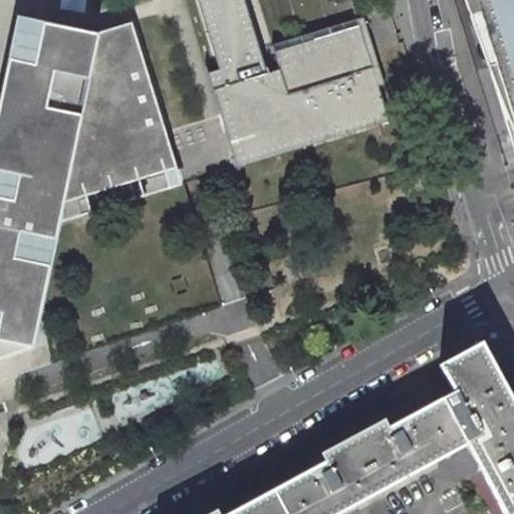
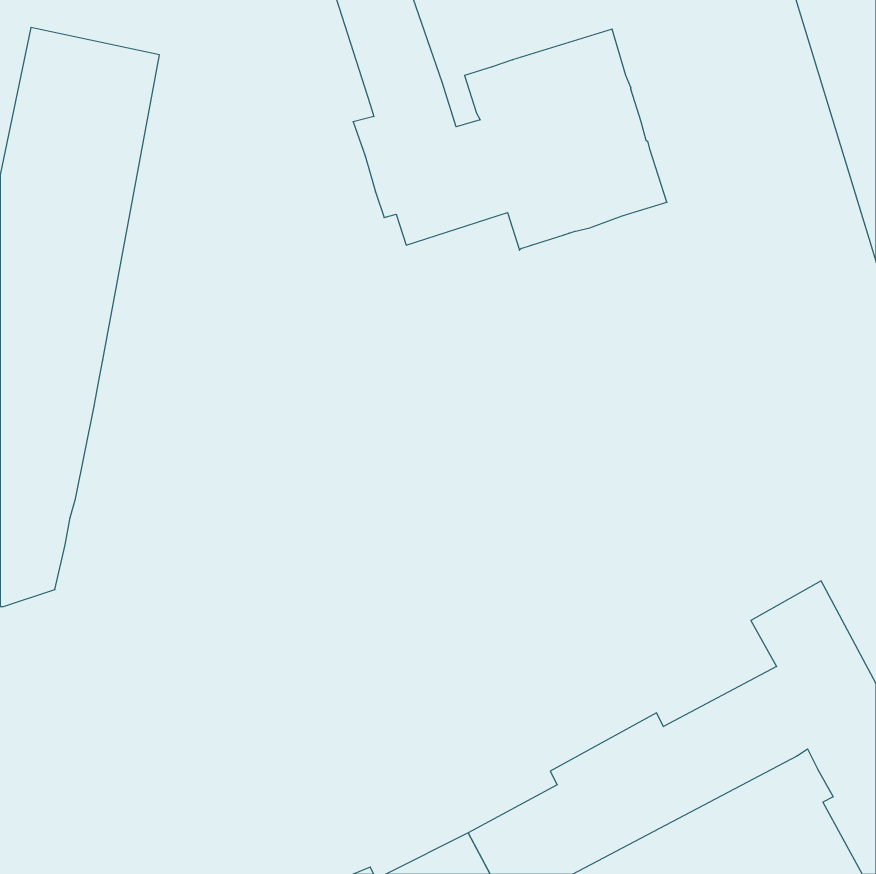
building: [58,19,182,221] -> none

